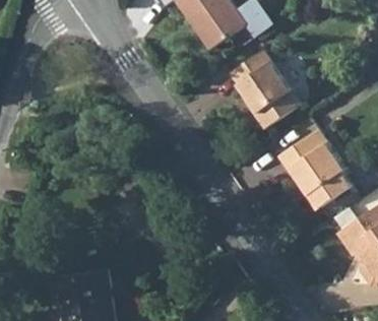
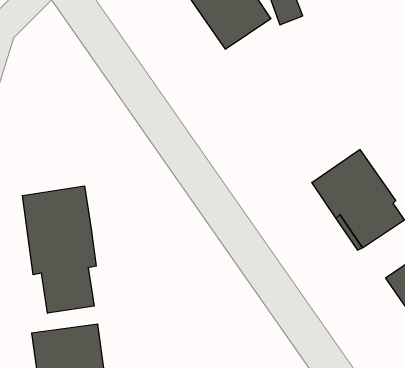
building: [227,50,298,129] -> none
building: none -> [22,186,96,313]

